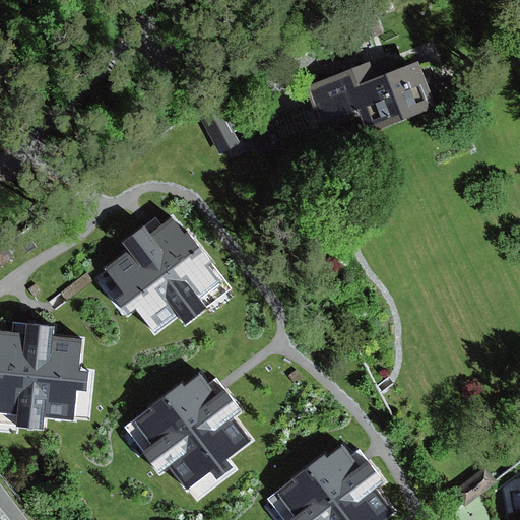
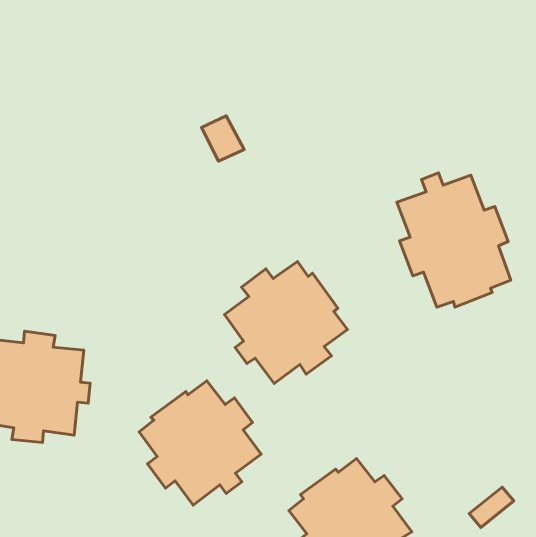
building: [300,60,436,133] -> none
building: none -> [397,173,511,307]
building: [103,218,220,335] -> [224,262,348,384]

